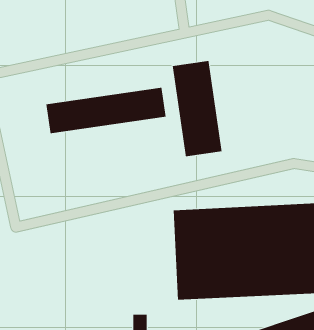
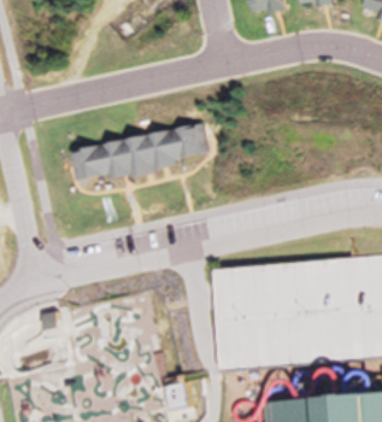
building: [172,60,222,157] -> none

